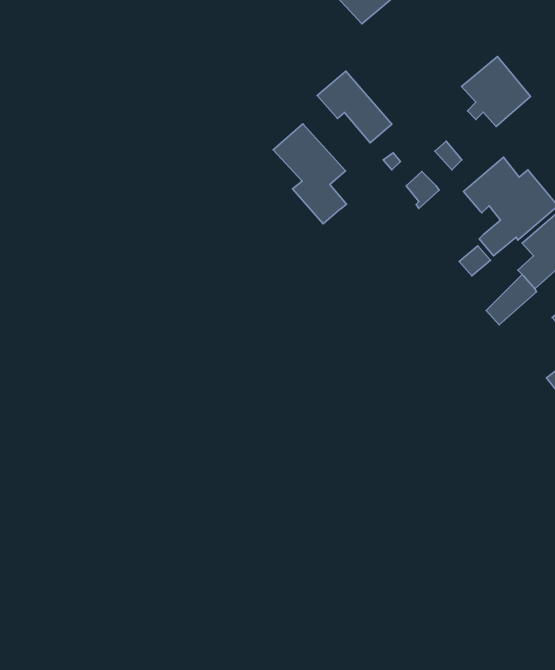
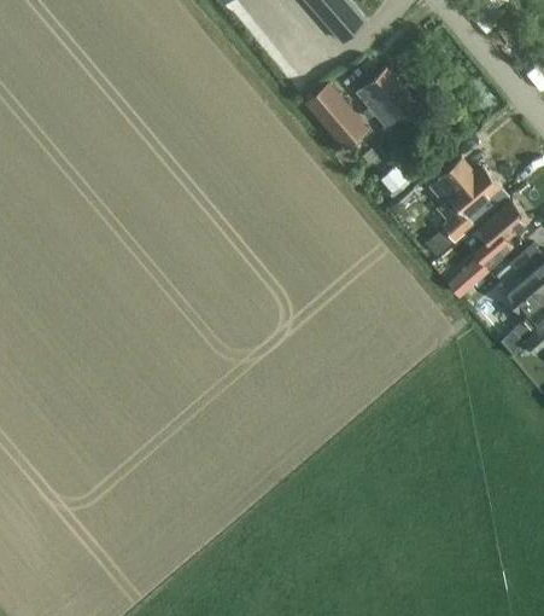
building: [462,56,530,127] -> [356,68,414,127]
building: [273,124,346,224] -> none

